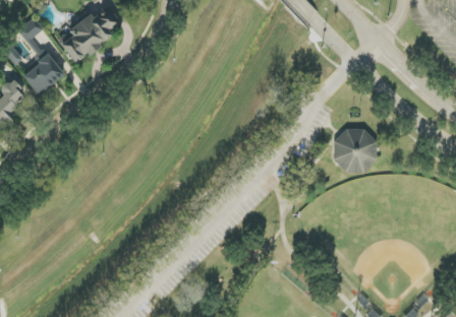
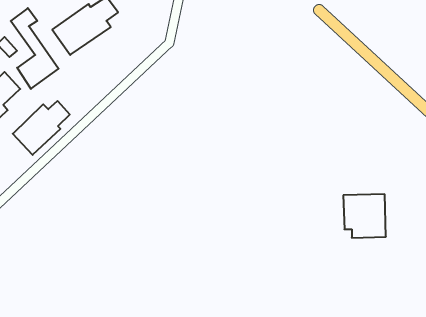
building: none -> [13,101,70,155]
building: [334,129,375,171] -> [343,194,386,238]

